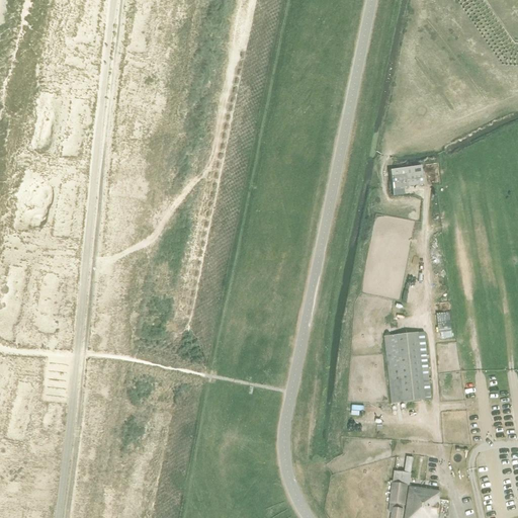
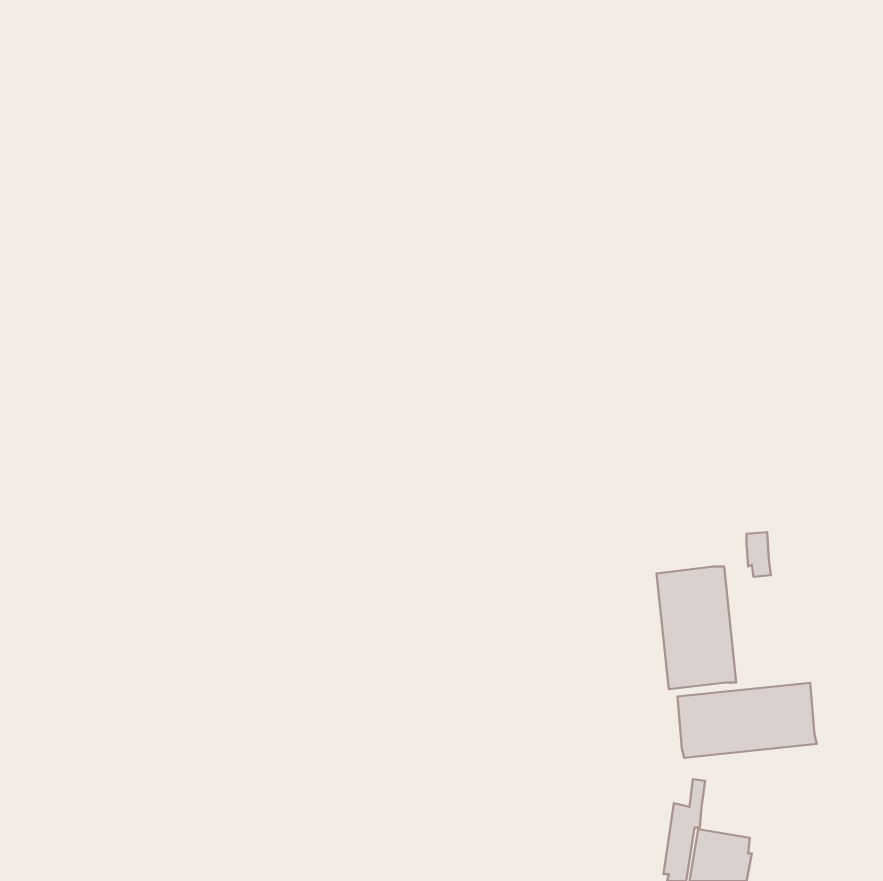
building: [390,164,423,188] -> none
building: none -> [678,683,817,758]

